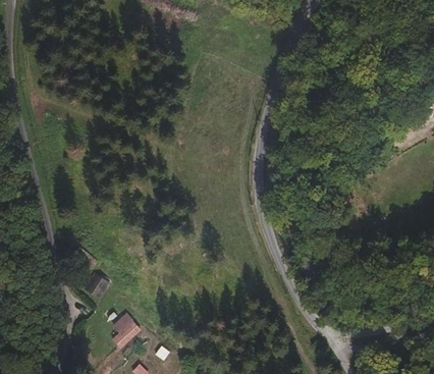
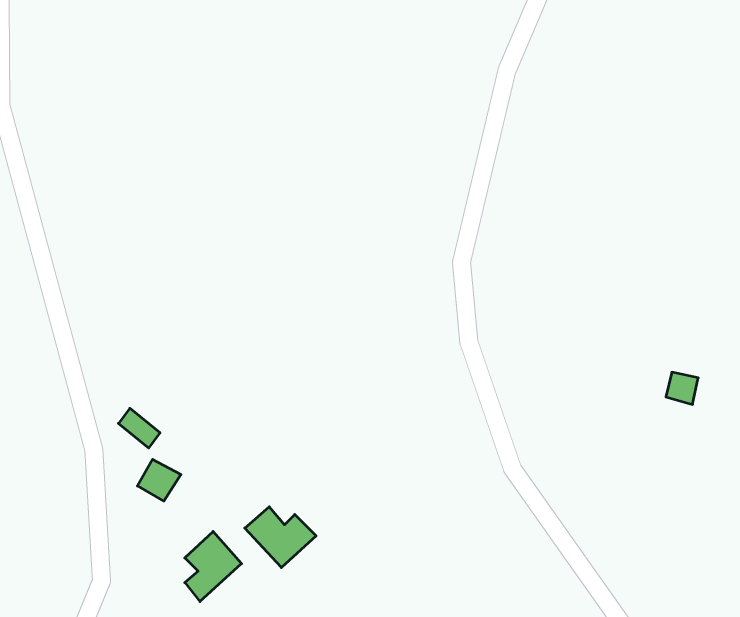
building: none -> [245,507,316,568]

